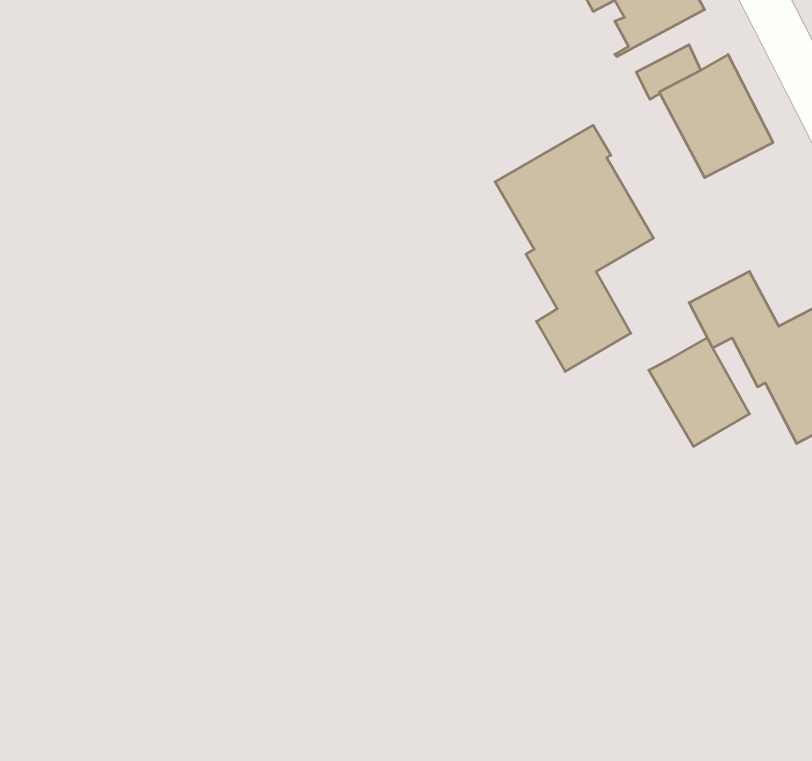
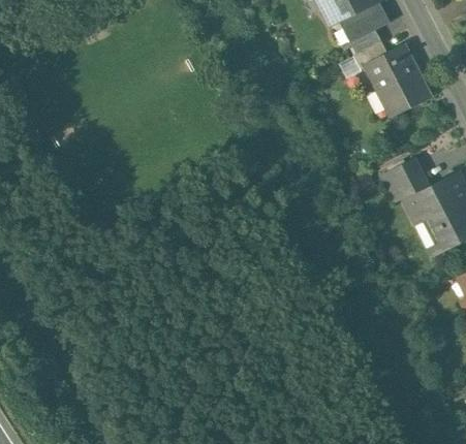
building: [495,125,654,372] -> none
building: [649,338,750,446] -> none

